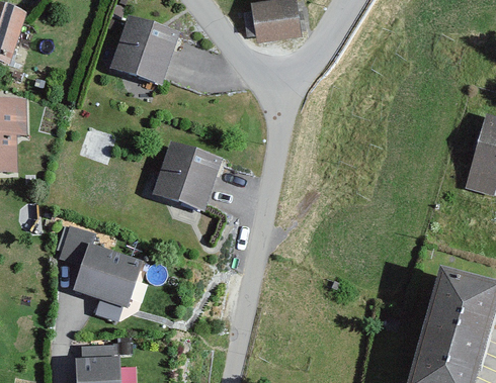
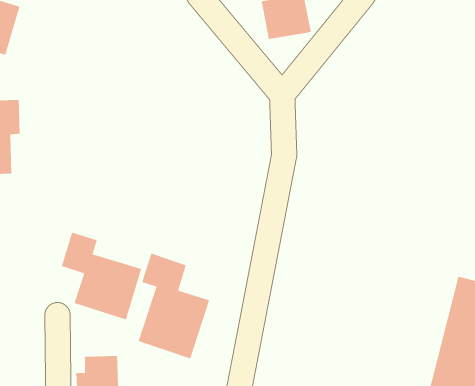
building: [114,15,178,82] -> none
building: [155,141,221,212] -> none
building: none -> [137,253,210,360]

